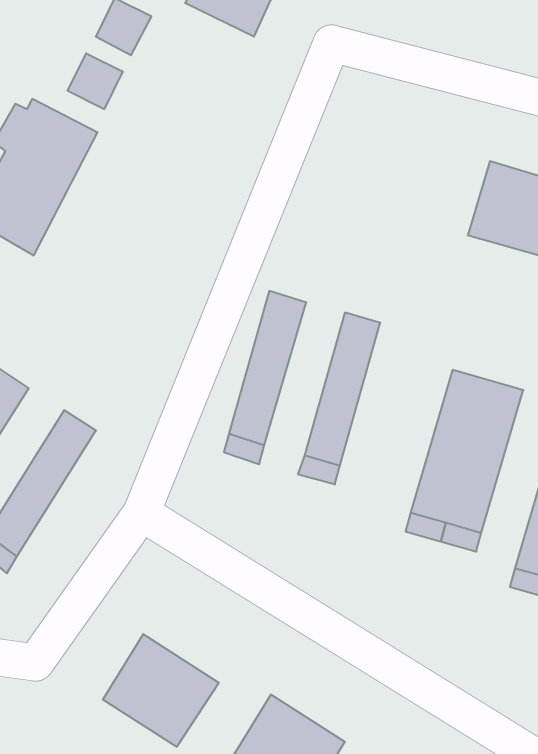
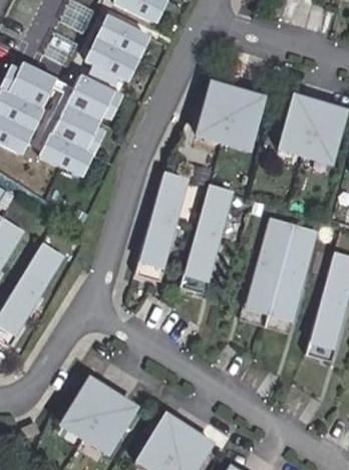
building: none -> [85,15,147,80]
building: none -> [38,72,118,173]
building: none -> [201,83,264,142]

